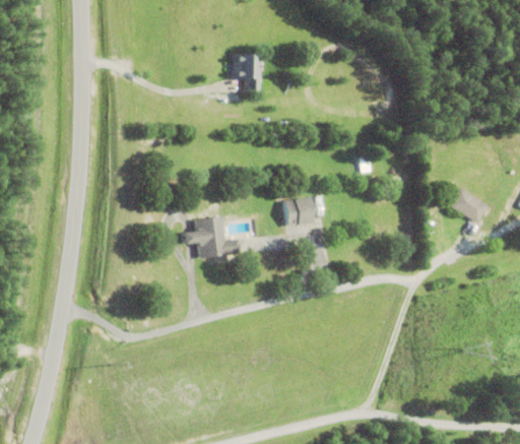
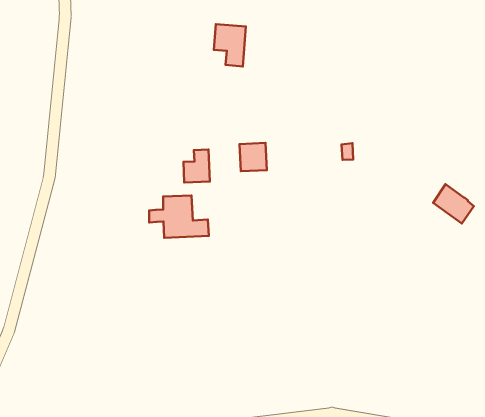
building: none -> [183,150,210,183]
building: [283,197,311,226] -> [240,143,267,171]

